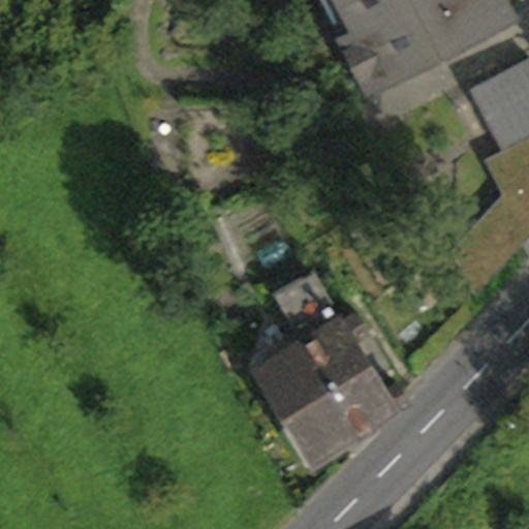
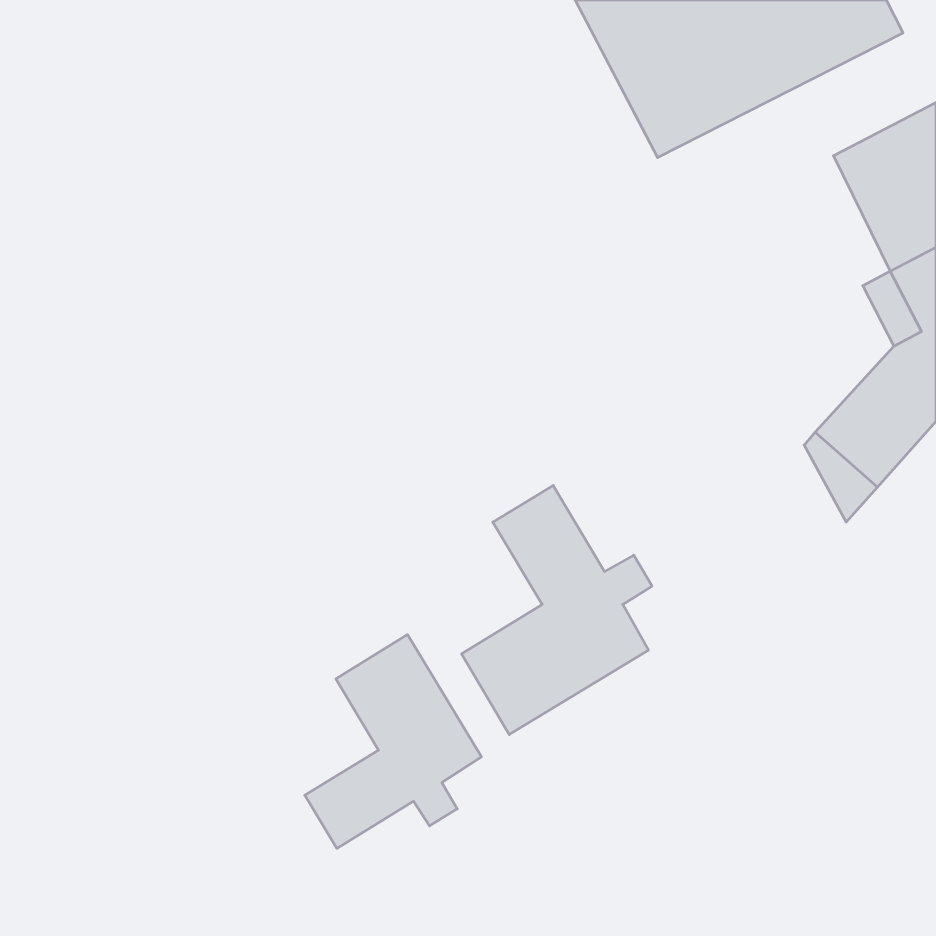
building: [287,331,407,460] -> none
building: none -> [305,635,481,848]

